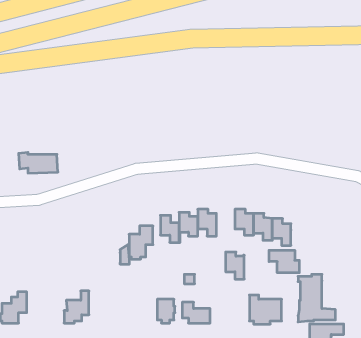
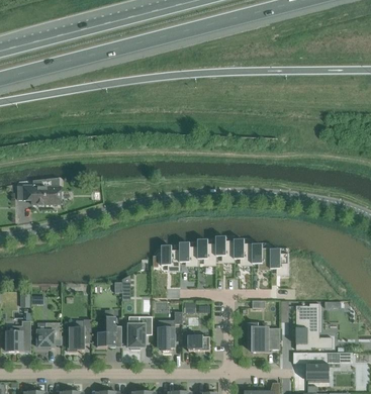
building: [129,226,153,259] -> [127,316,151,349]
building: [269,250,299,273] -> none
building: [226,252,244,279] -> [215,236,234,263]
building: none -> [97,316,121,347]
building: none -> [37,322,61,347]

